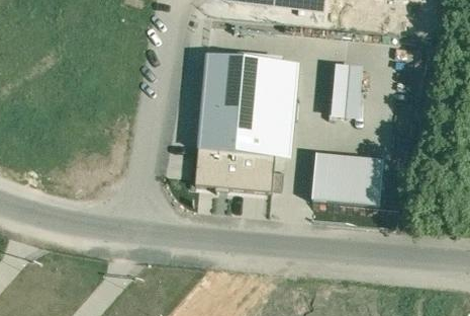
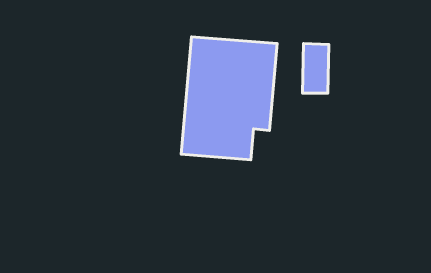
building: [311,152,383,205] -> none

